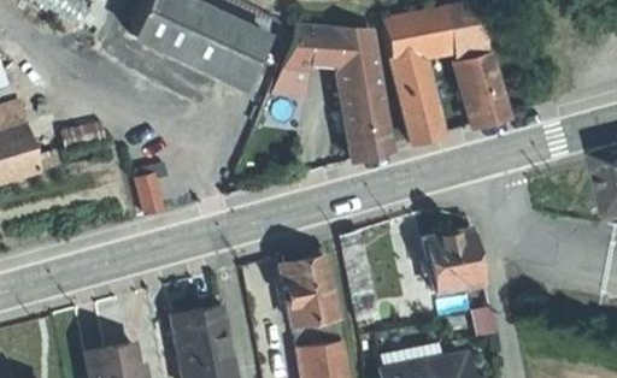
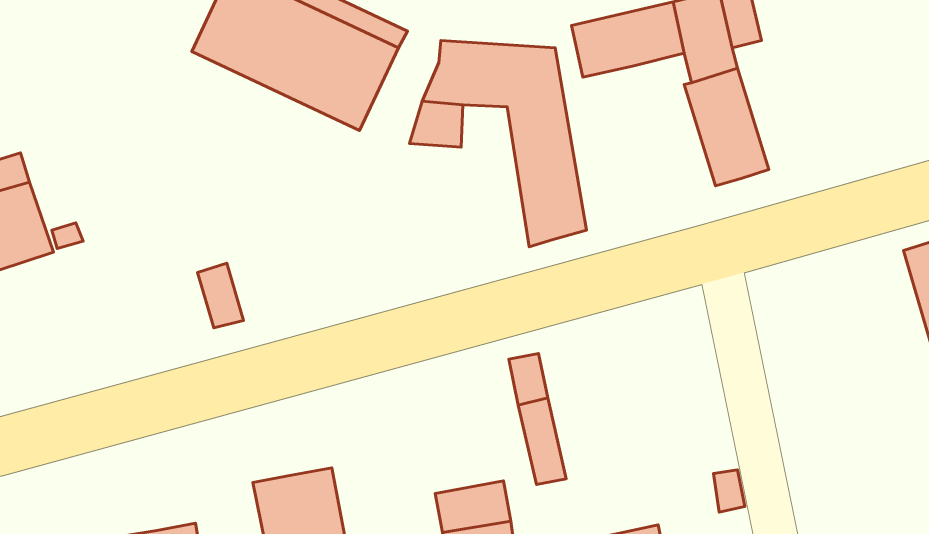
building: [388,46,443,147] -> none
building: [422,231,483,295] -> none
building: [280,258,336,325] -> none

